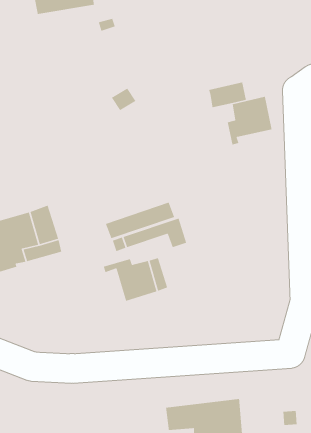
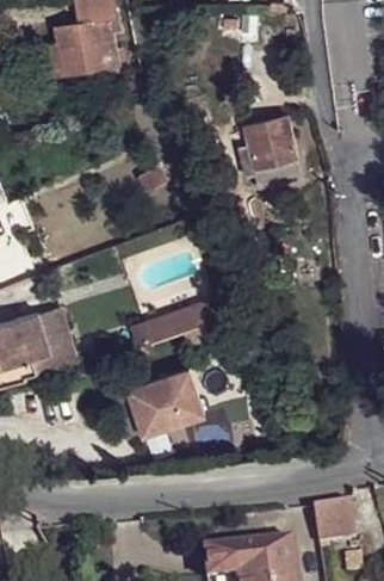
building: [227,96,272,146] -> [240,115,295,174]
building: none -> [311,497,354,540]

